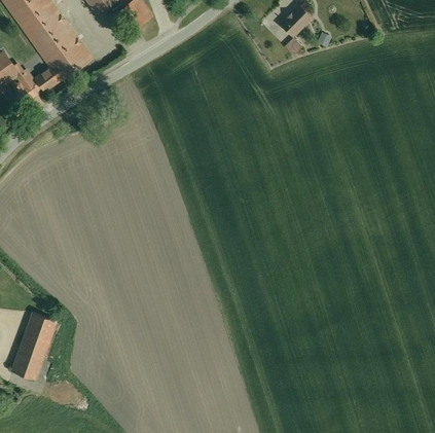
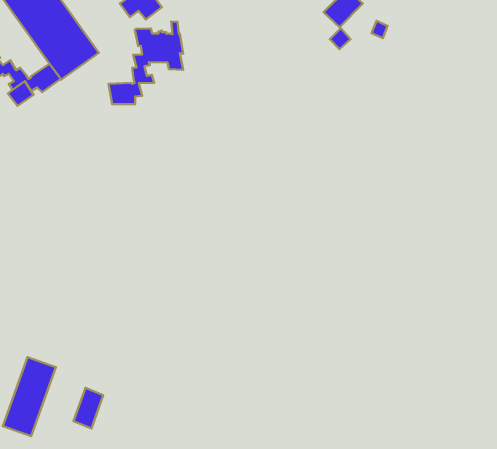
building: none -> [109,22,183,104]
building: none -> [74,388,103,428]

